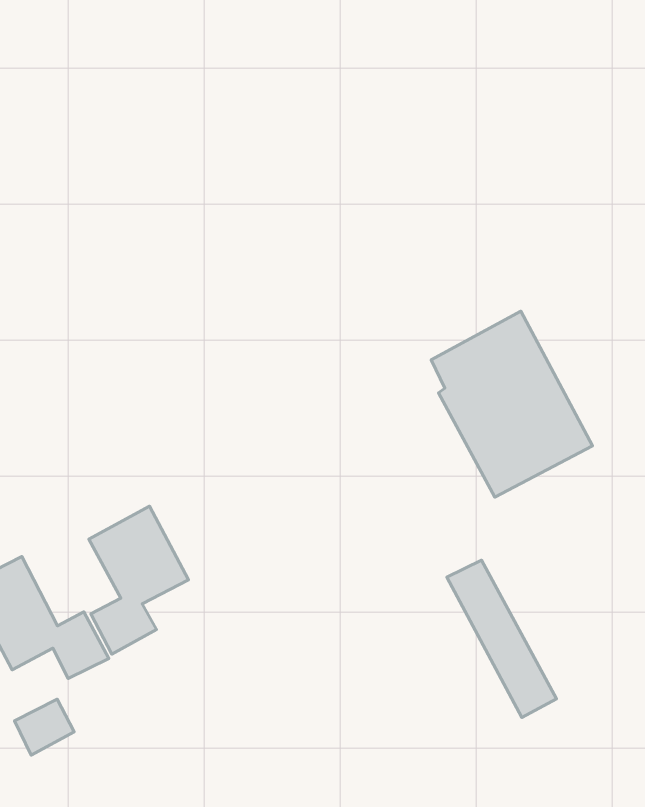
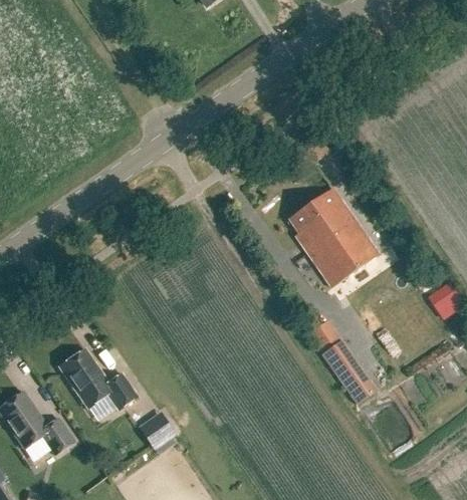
building: [89,506,188,654] -> none
building: [14,699,74,755] -> [142,417,174,448]

